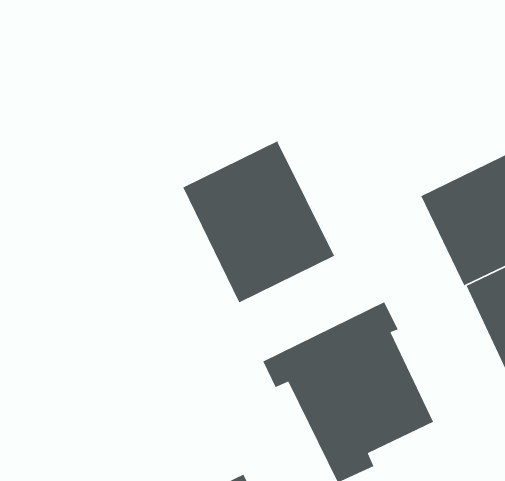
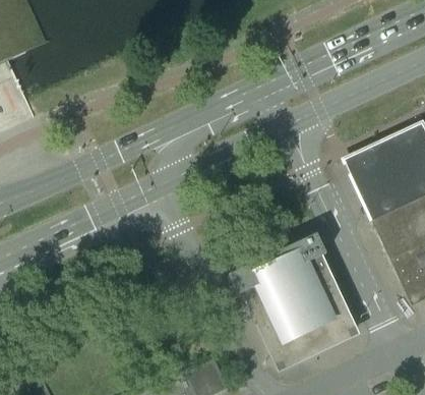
building: [182,140,335,304] -> none

